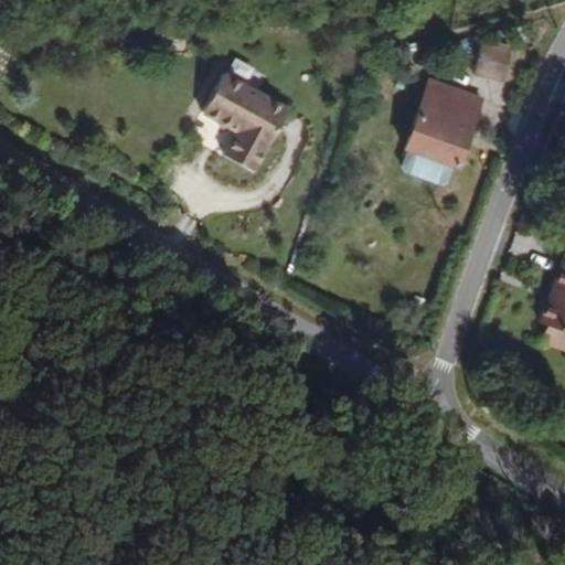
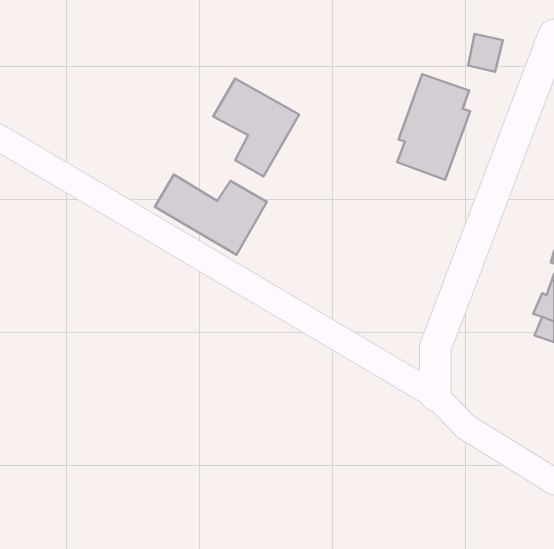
building: none -> [155,174,267,255]

